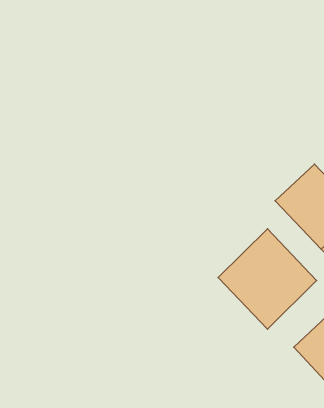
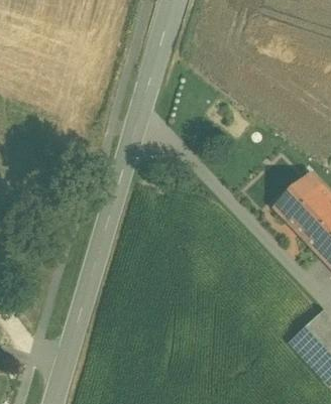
building: [218,229,317,329] -> none

